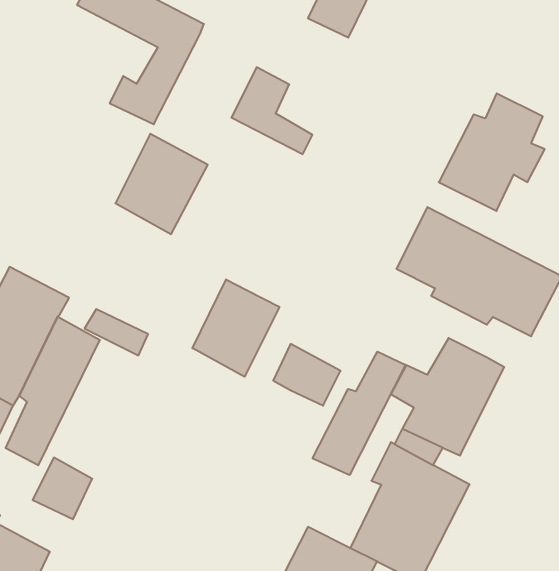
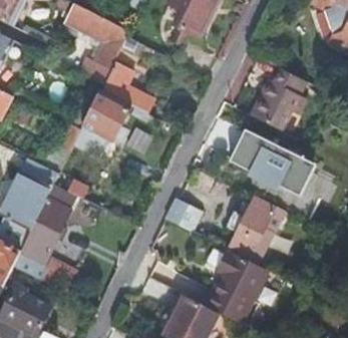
building: [231,67,312,154] -> [102,62,144,107]
building: [192,279,279,377] -> none
building: [313,352,406,475] -> none

